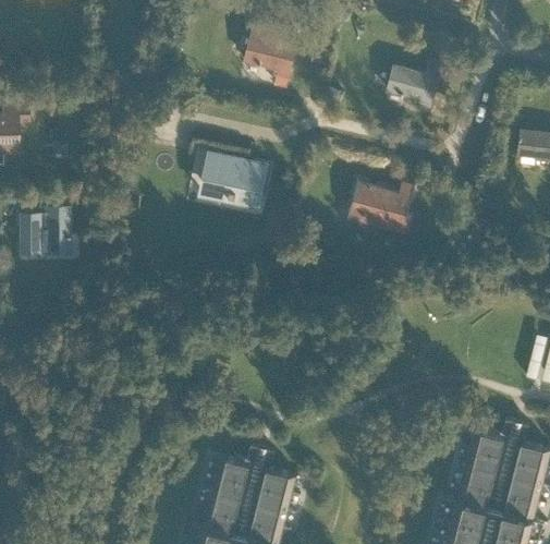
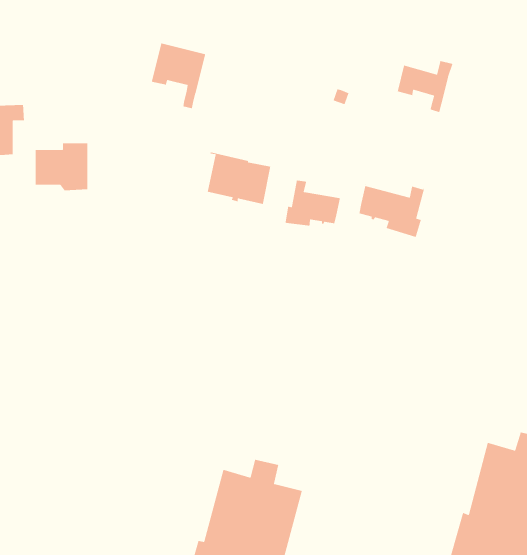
building: [243,26,296,90] -> [151,43,206,109]
building: none -> [285,178,341,227]
building: [15,209,66,256] -> [35,143,88,191]

